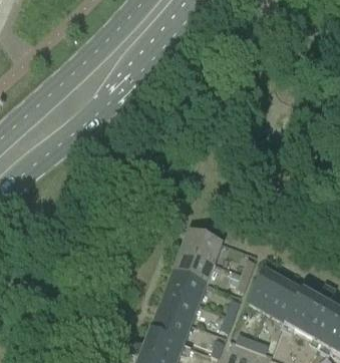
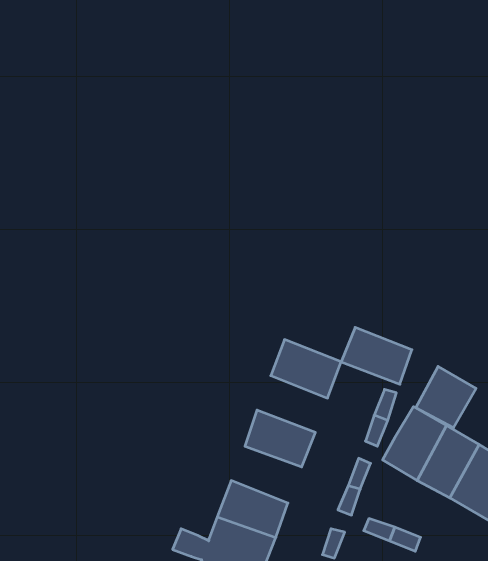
building: none -> [416,366,476,428]
building: [173,249,214,282] -> [341,327,412,384]
building: [157,290,199,323] -> none

